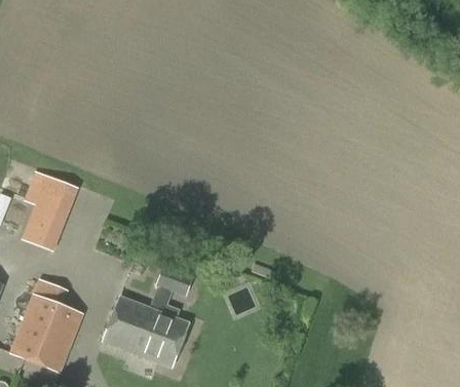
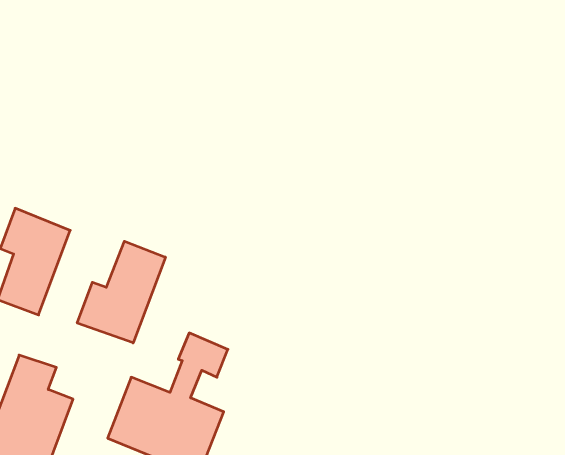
building: none -> [77,241,165,343]

